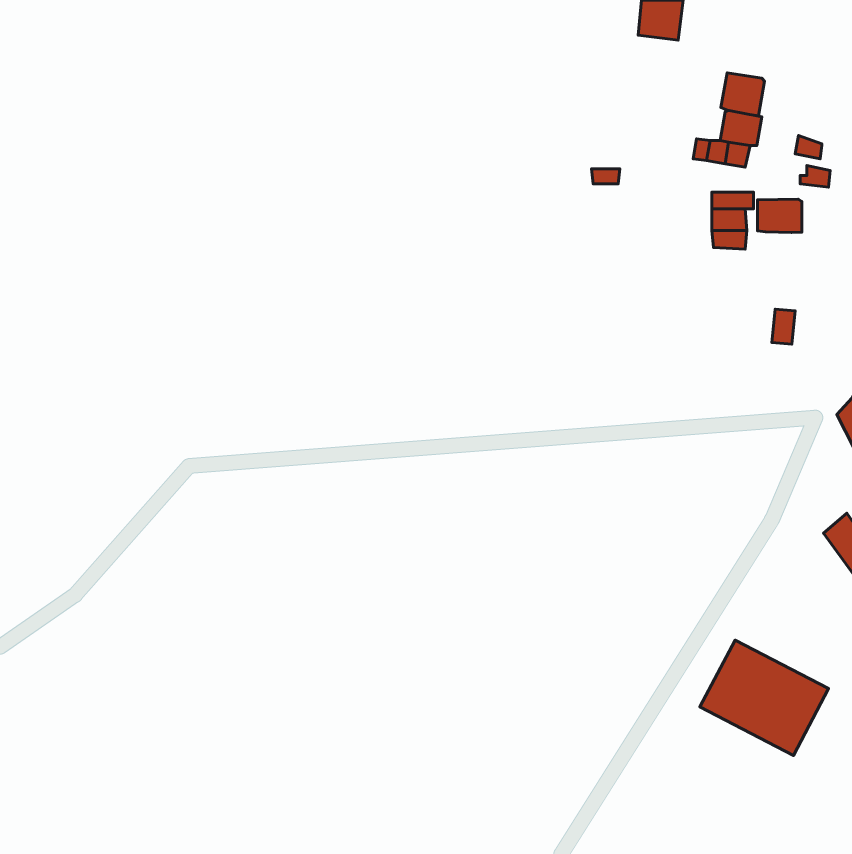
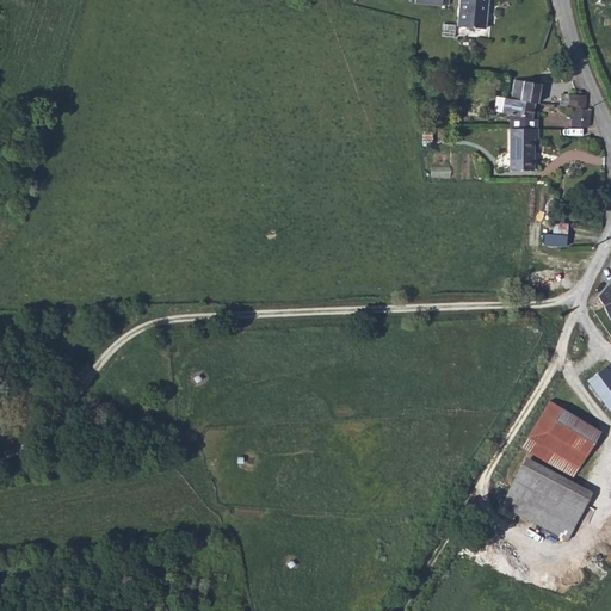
building: [721,73,764,116] -> none
building: [757,199,802,232] -> none
building: none -> [520,399,603,480]

